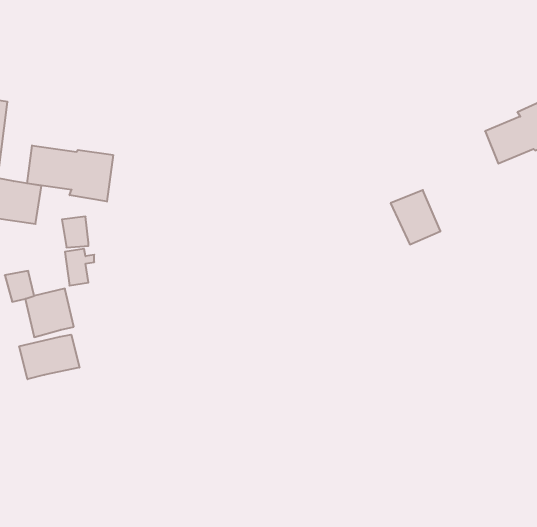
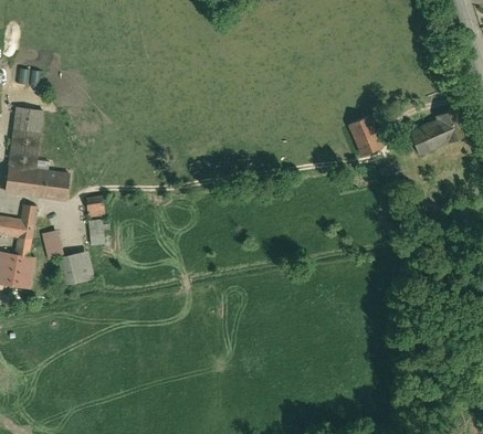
building: [27,145,113,202] -> none
building: [391,190,441,244] -> [343,114,380,155]
building: [19,335,79,379] -> none

